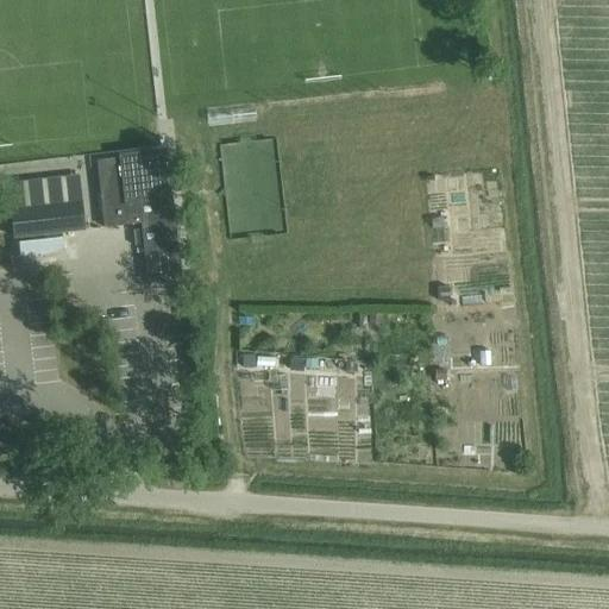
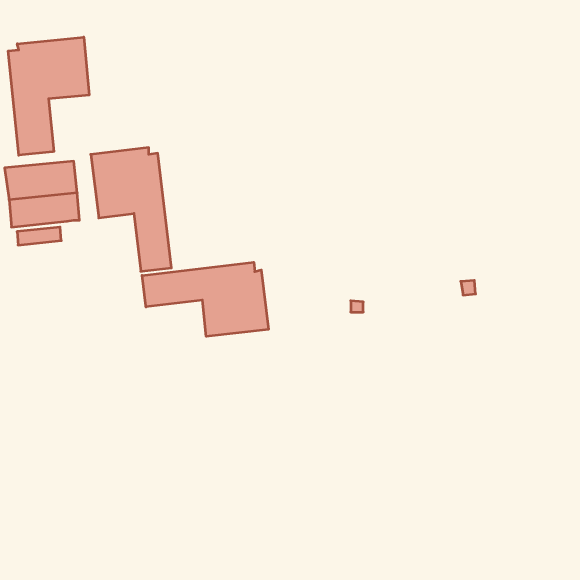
building: none -> [8,37,89,155]
building: none -> [142,262,268,336]

